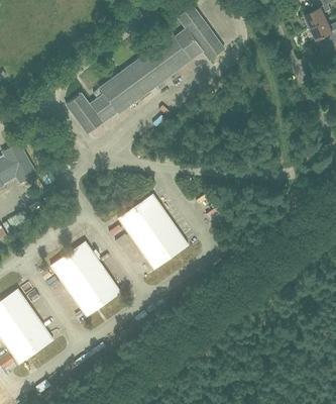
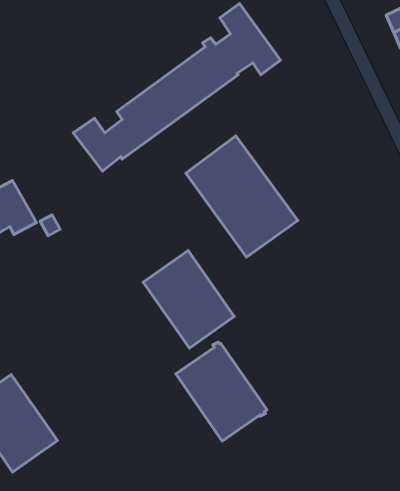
building: none -> [186,136,298,257]
building: [50,241,120,317] -> [176,342,267,441]

